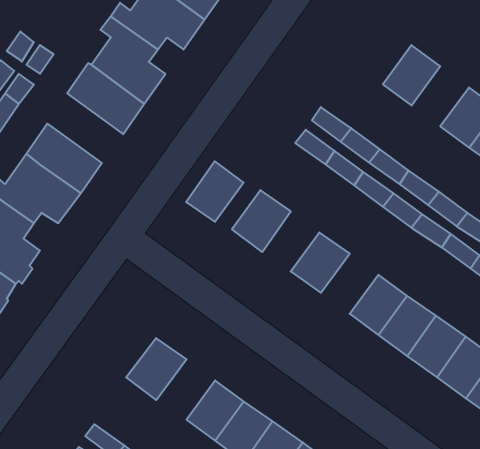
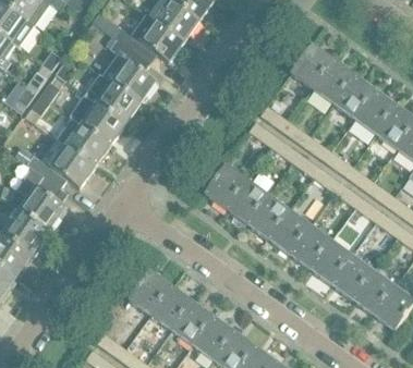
building: none -> [291,44,333,87]
building: none -> [333,74,375,118]
building: none -> [70,94,125,144]
building: [186,161,244,222] -> [226,179,267,222]
building: none -> [268,209,309,253]
building: none -> [149,285,192,329]

